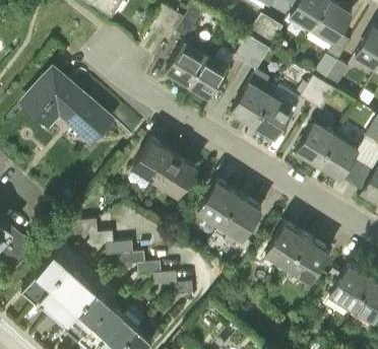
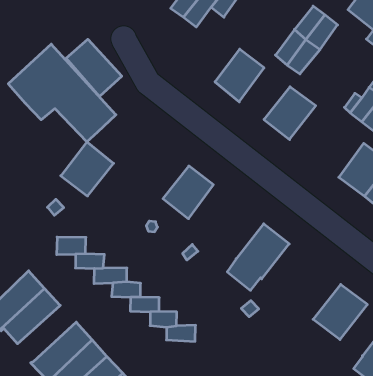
building: [168,43,207,85] -> none
building: none -> [66,39,122,97]
building: [255,96,295,139] -> none
building: [134,140,176,184] -> [61,142,114,196]
building: [199,182,241,226] -> none
building: [266,224,308,269] -> none
building: [52,278,98,326] -> none

